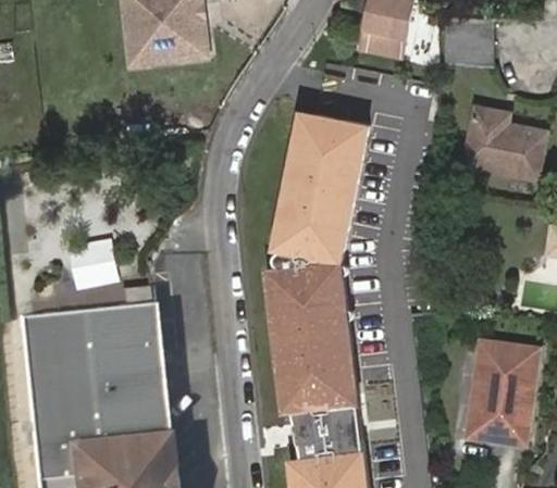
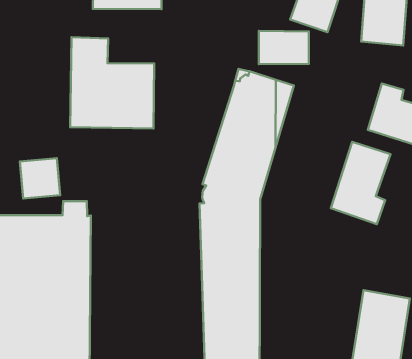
building: none -> [259,31,309,64]
building: none -> [70,37,154,129]
building: none -> [331,142,390,224]

